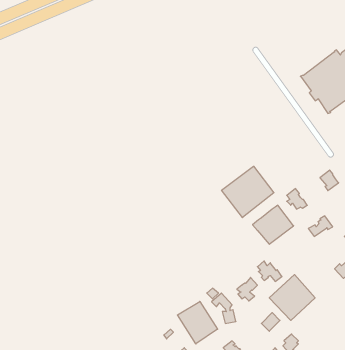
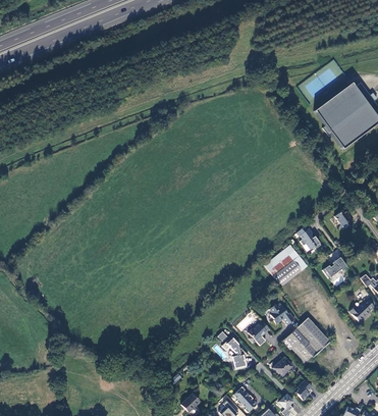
building: [222,166,274,218] -> none
building: [177,301,218,344] -> none

